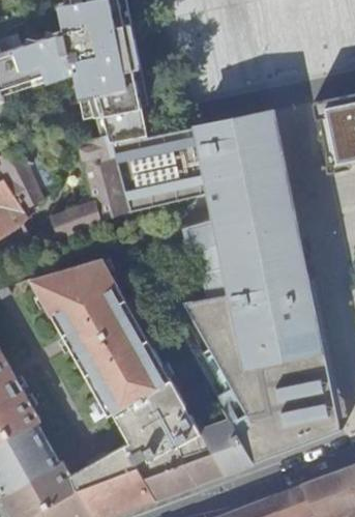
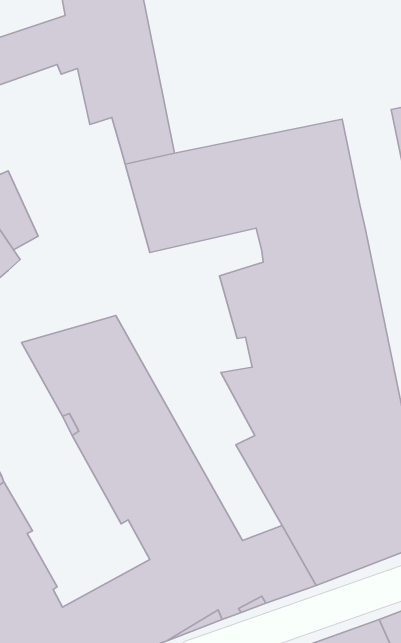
building: [51,136,129,236] -> none

